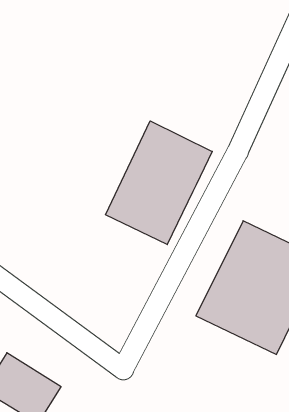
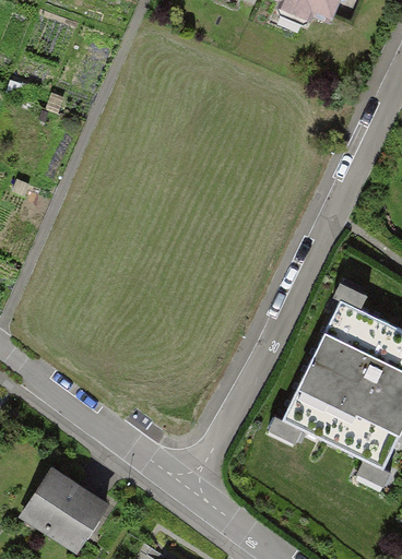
building: [106,121,212,245] -> none

